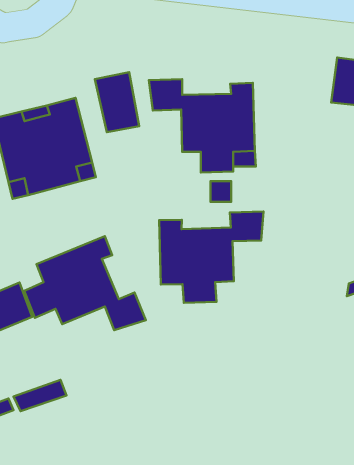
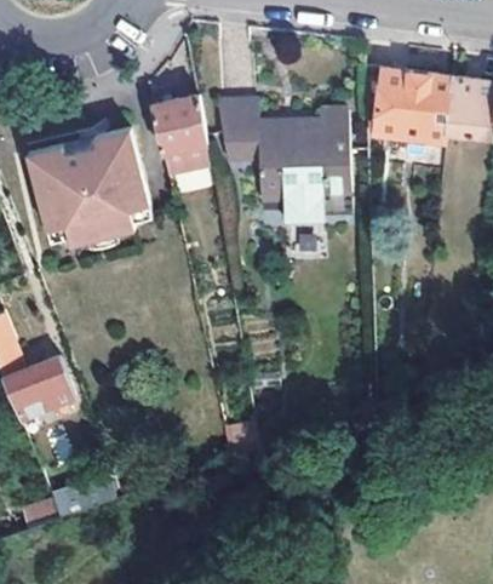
building: none -> [373,68,451,141]
building: [159,212,263,303] -> none
building: [24,236,146,330] -> none

